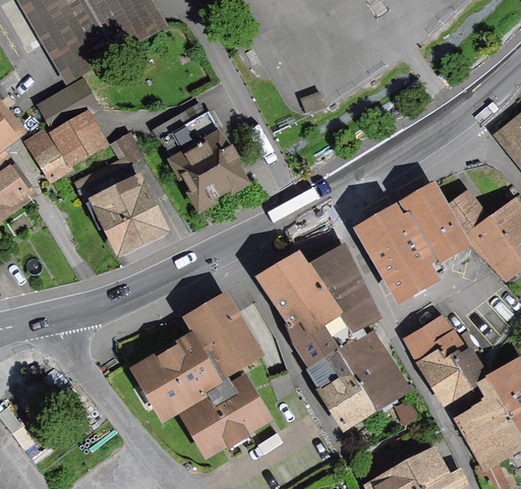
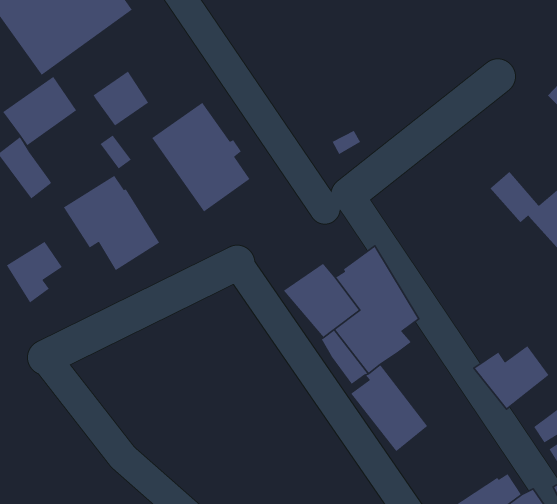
building: [53,118,101,165] -> [93,70,149,127]
building: [358,188,463,298] -> none
building: none -> [6,241,63,303]
building: [138,300,263,450] -> none
building: [405,316,464,362] -> none
building: [337,333,402,408] -> none

